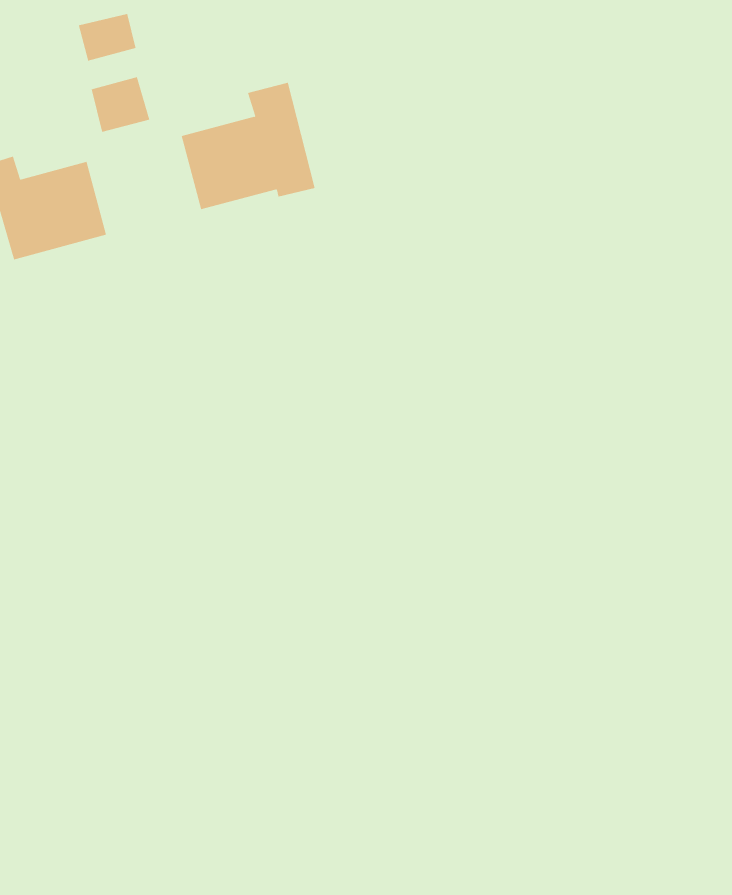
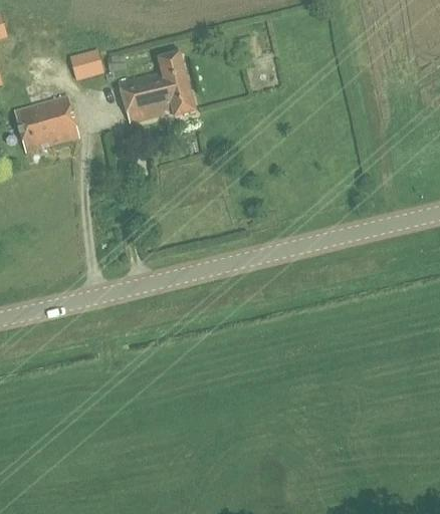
building: [78,13,136,61] -> none

